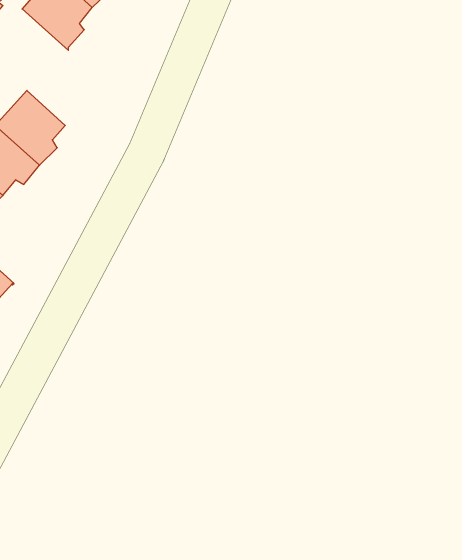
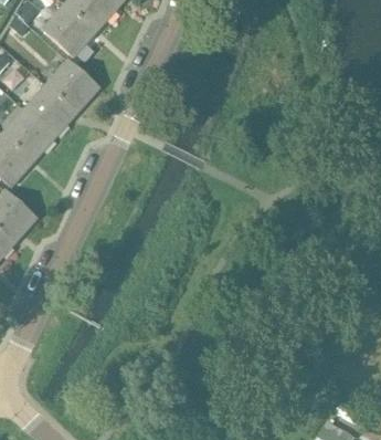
building: none -> [46,60,99,108]

